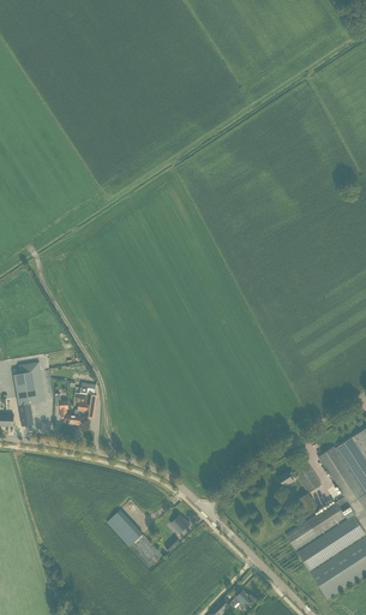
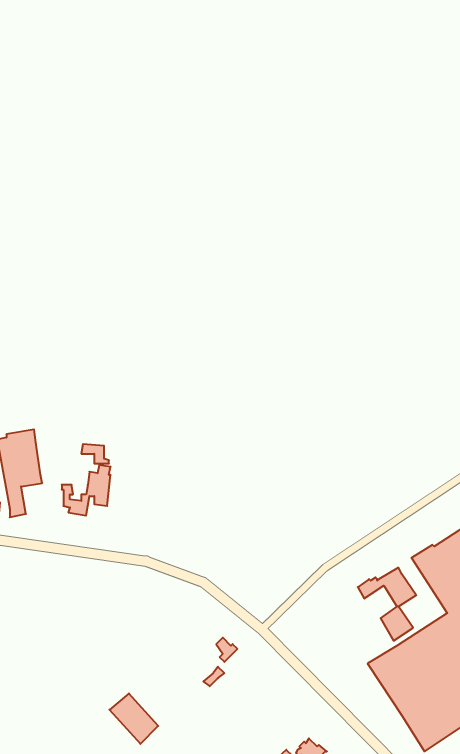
building: [108,509,144,547] -> [109,693,158,744]

